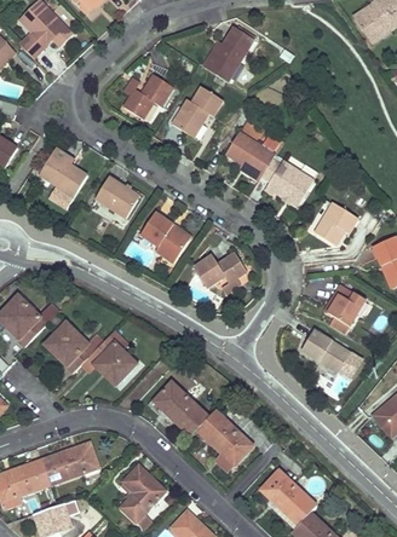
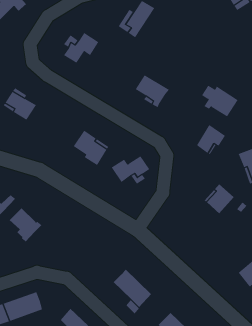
building: [173,87,225,138] -> none
building: [261,161,315,207] -> [201,85,239,117]
building: [96,178,140,219] -> none
building: [301,330,350,373] -> none
building: [85,333,136,380] -> none
building: [150,380,207,435] -> none

